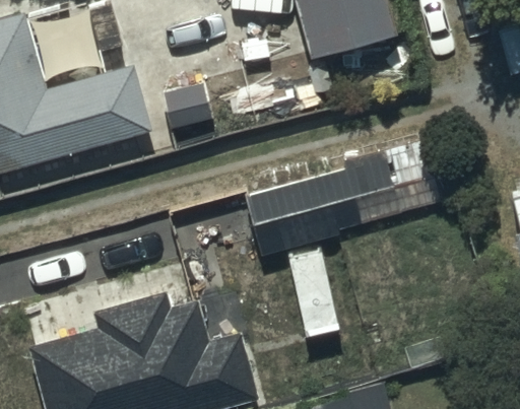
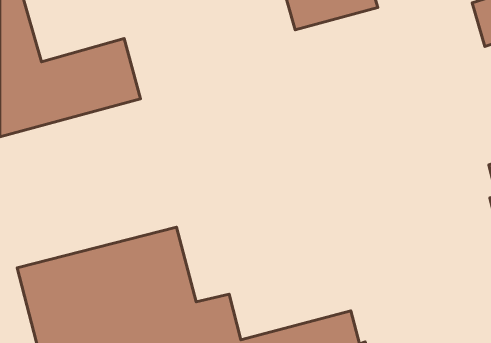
building: [244,143,445,258] -> none

